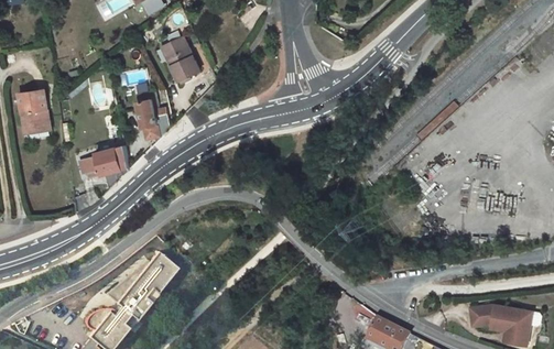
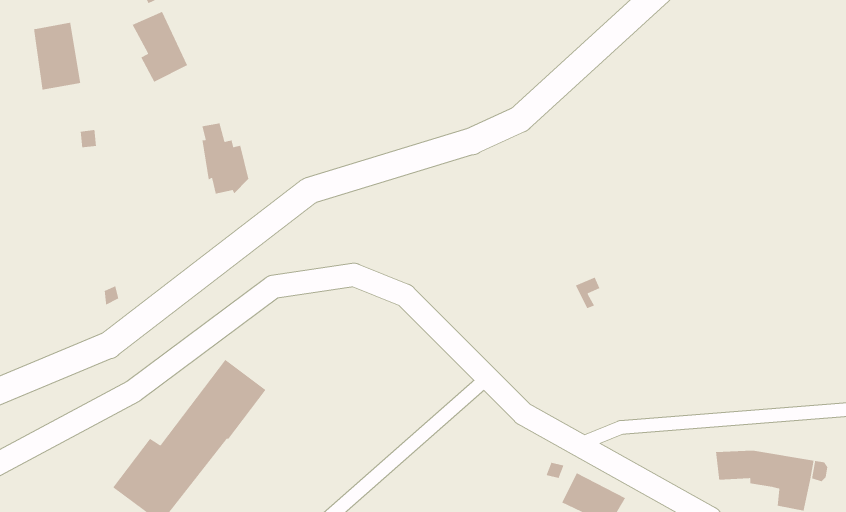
building: [162,36,198,83] -> [132,11,188,83]
building: [18,92,48,137] -> [33,22,81,90]
building: [83,146,128,176] -> none

